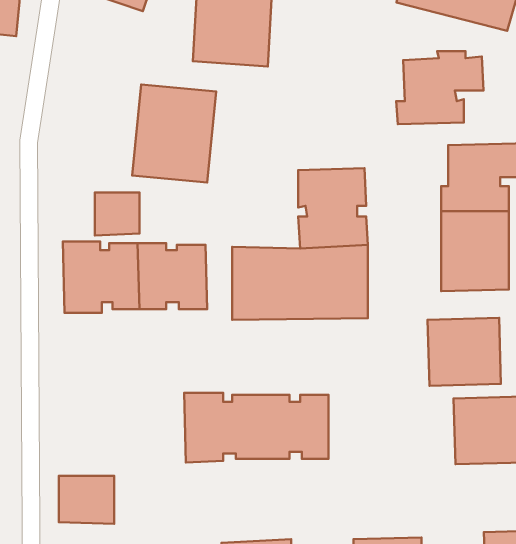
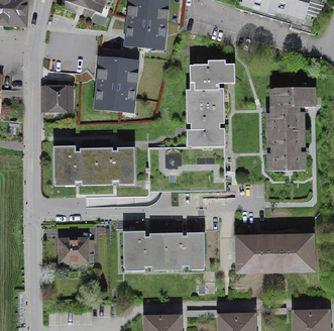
building: [396,51,484,124] -> [186,63,235,104]
building: [95,193,140,235] -> [48,87,74,111]
building: [428,318,501,386] -> [234,233,275,271]
building: [59,476,114,524] -> [61,238,92,265]

